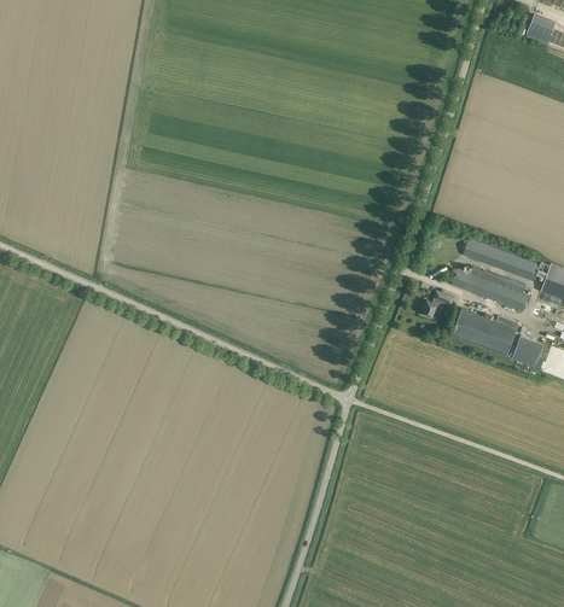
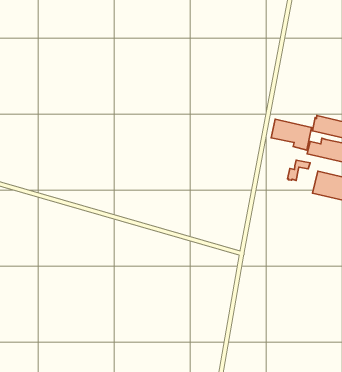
building: none -> [271,119,312,150]

